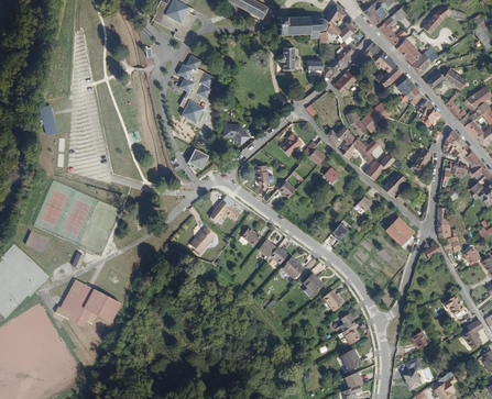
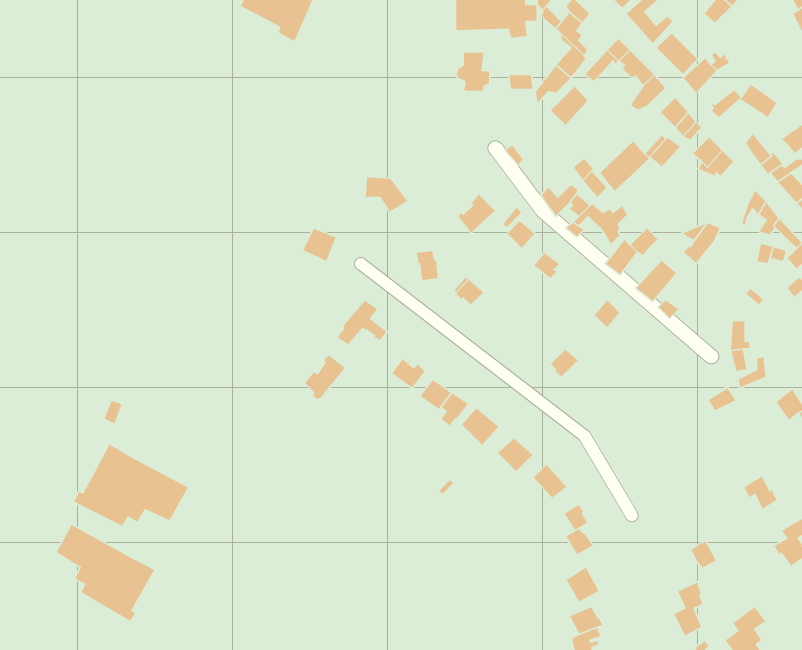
building: [178,52,216,120] -> none
building: [386,214,416,247] -> none
building: none -> [56,524,155,622]

